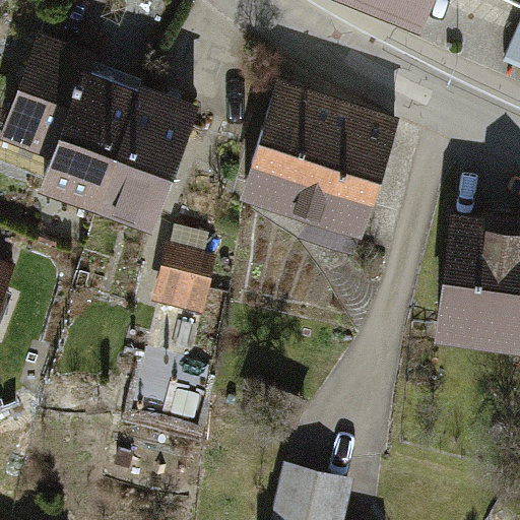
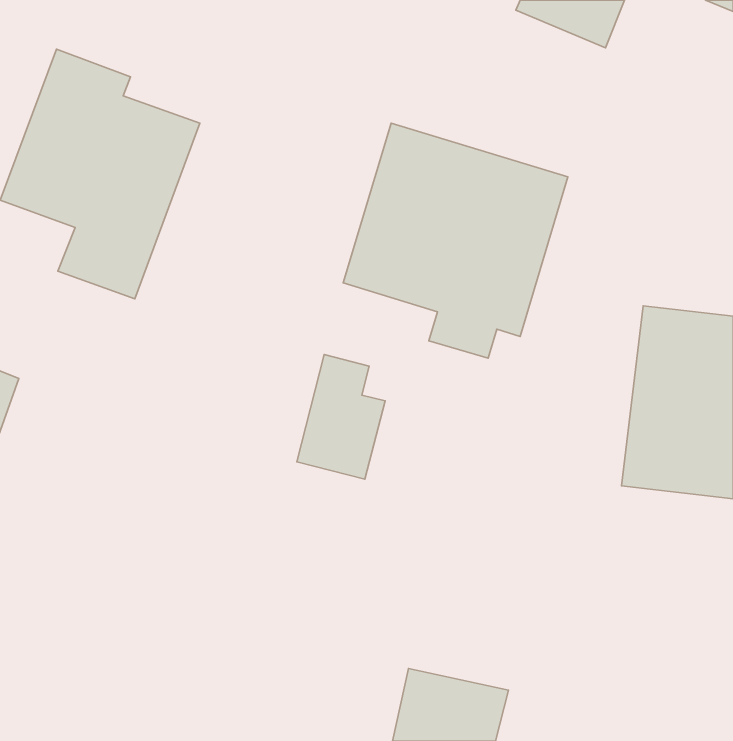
building: [94,86,192,229] -> none
building: [154,224,216,312] -> [297,355,385,479]

